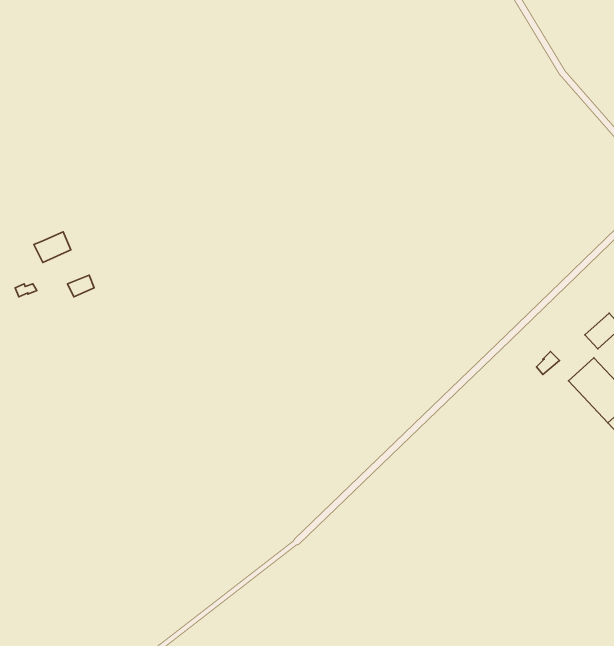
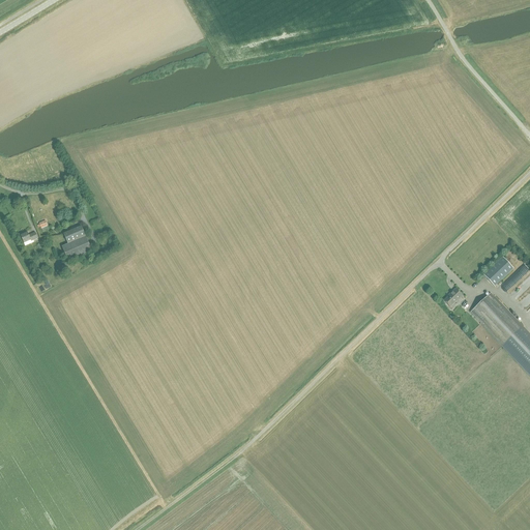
building: [34,232,71,262] -> [62,234,92,259]

